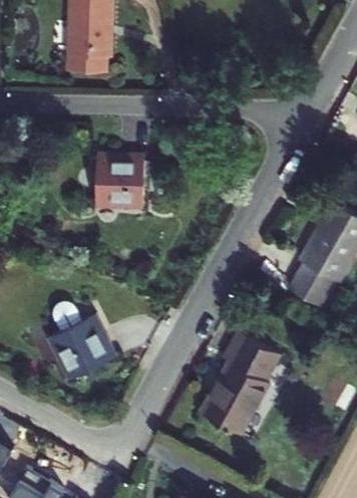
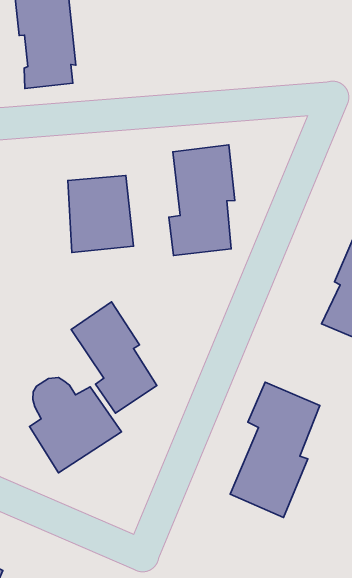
building: none -> [169,145,235,256]
building: none -> [71,302,157,413]

